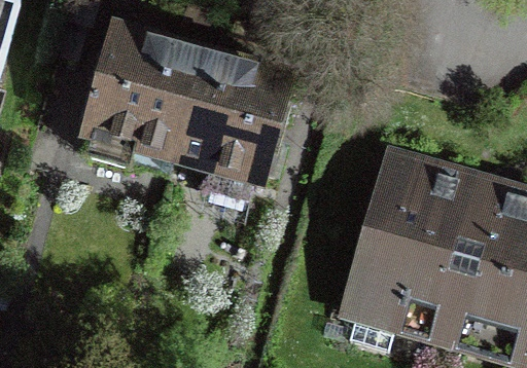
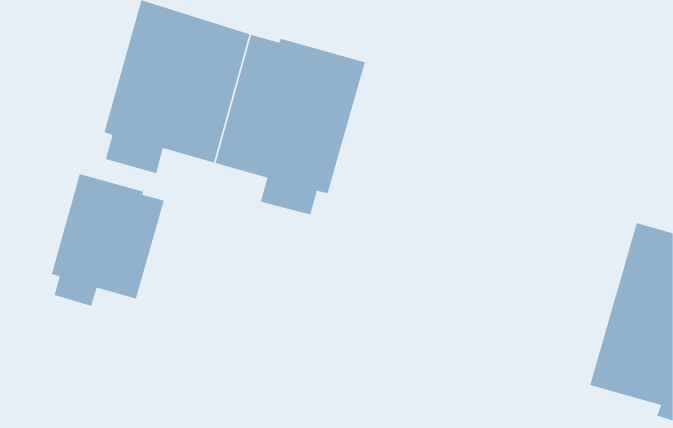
building: [344,150,467,336] -> none
building: none -> [51,173,165,307]

